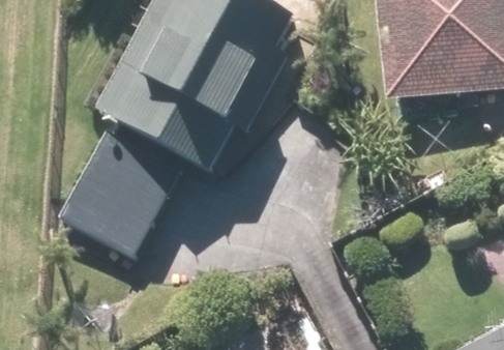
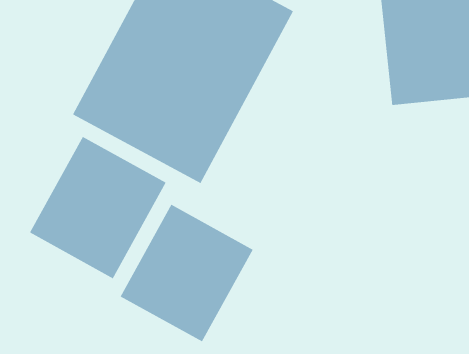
building: none -> [120,204,254,342]

